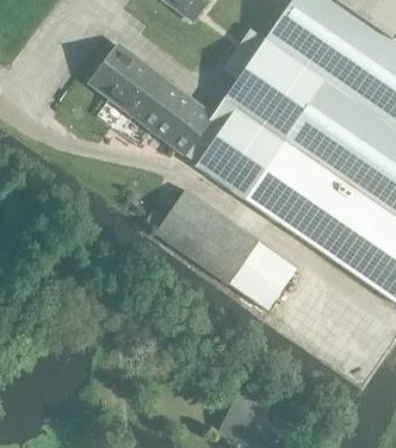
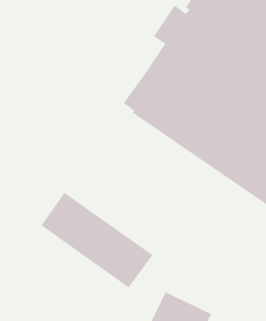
building: [89,48,211,155] -> none
building: [155,189,298,312] -> [41,192,153,289]

